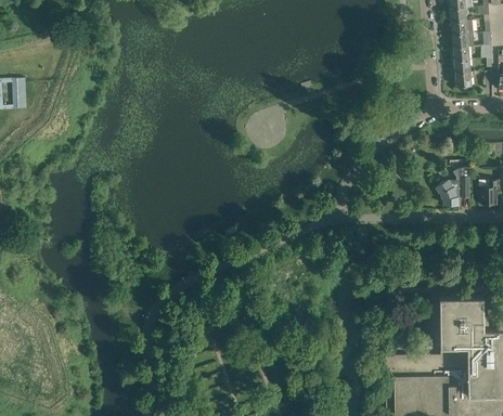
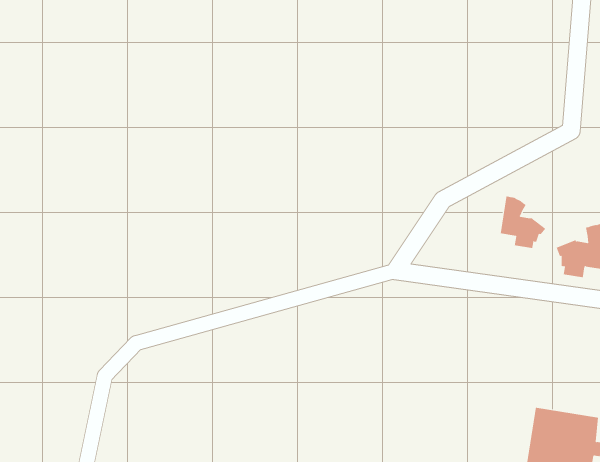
building: none -> [500,196,546,249]

